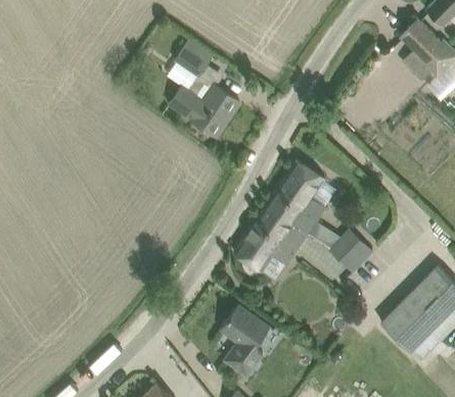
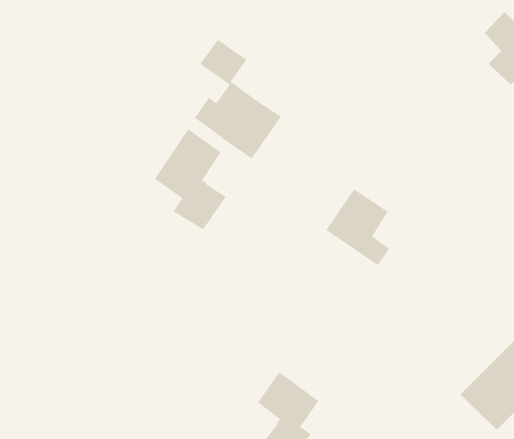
building: none -> [154,128,226,230]
building: [234,193,317,272] -> none
building: [330,231,372,272] -> none

